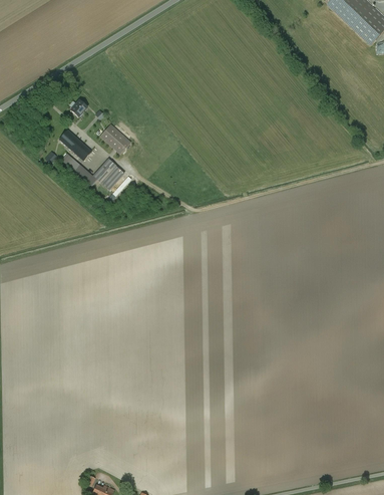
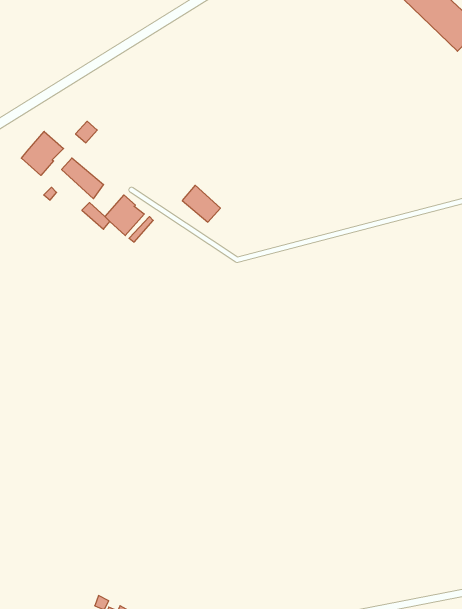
building: none -> [21,131,64,175]
building: [100,123,130,153] -> [182,185,220,222]

